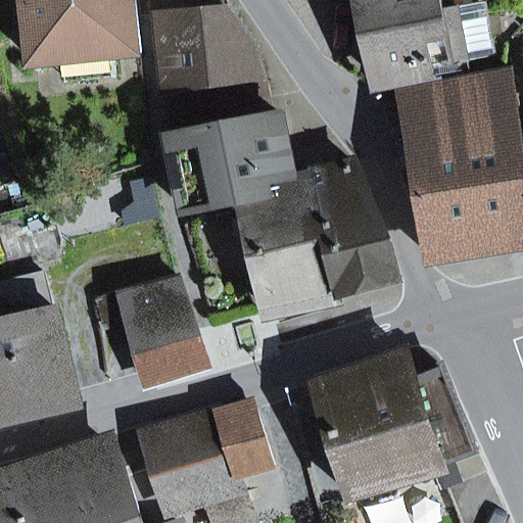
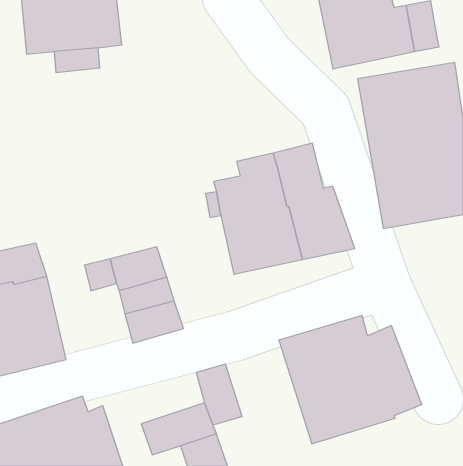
building: [153,11,262,113] -> none
building: [167,110,283,212] -> none
building: [144,413,228,472] -> none

